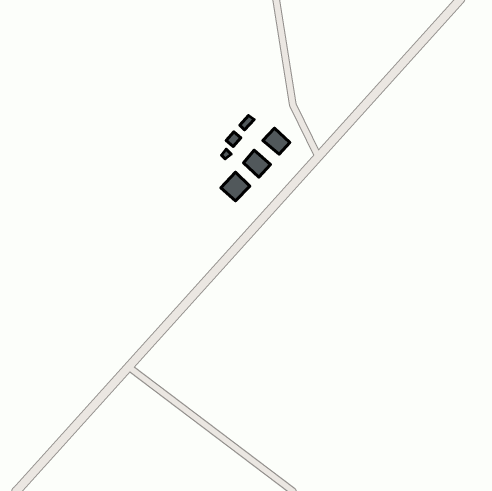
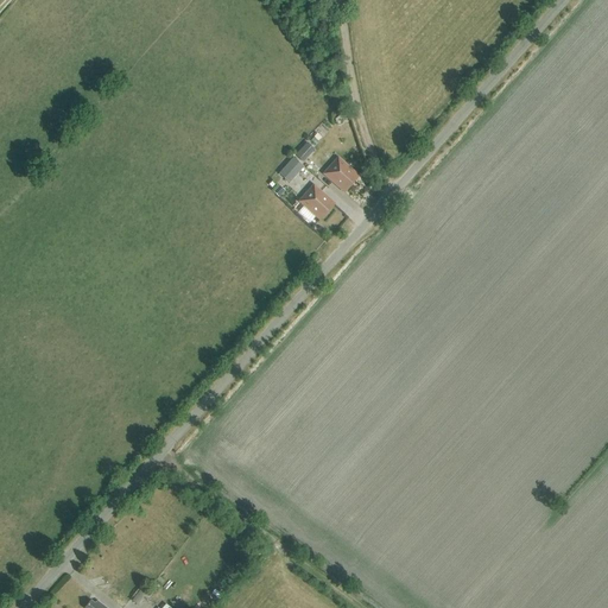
building: [221,172,250,201] -> none

